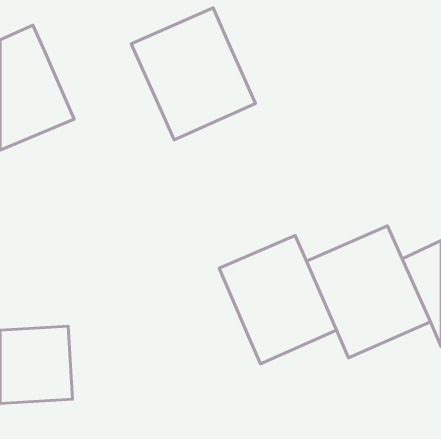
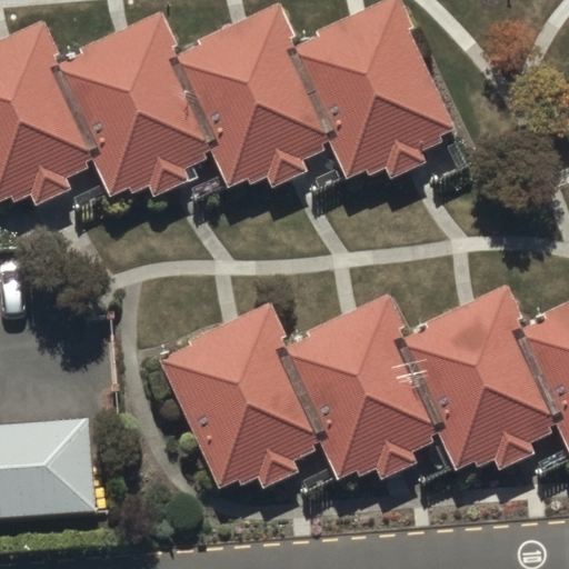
building: none -> [293,13,440,172]
building: none -> [57,24,209,190]
building: none -> [163,316,320,481]

